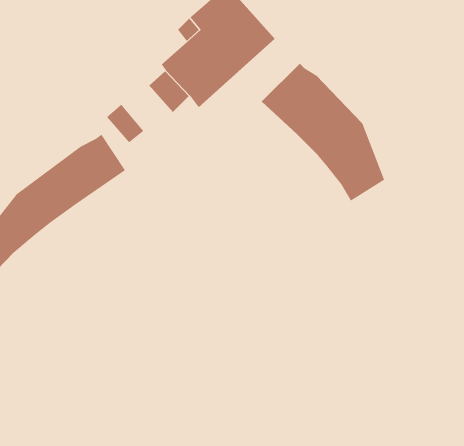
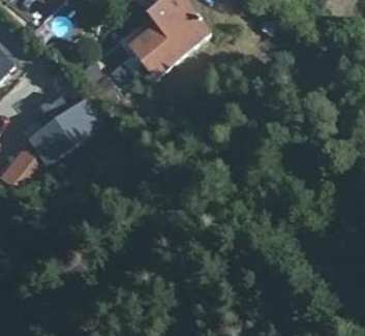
building: [261,63,385,201] -> none

